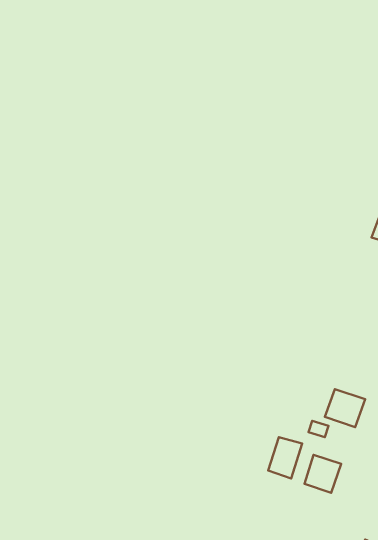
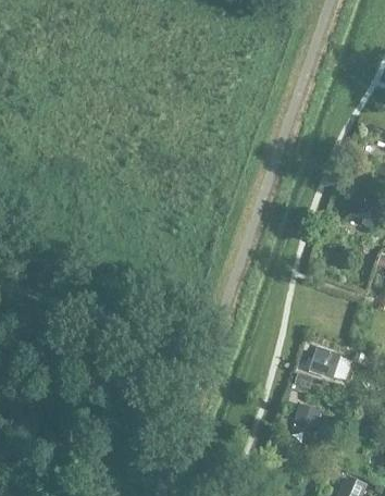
building: [268,437,302,478] -> none

